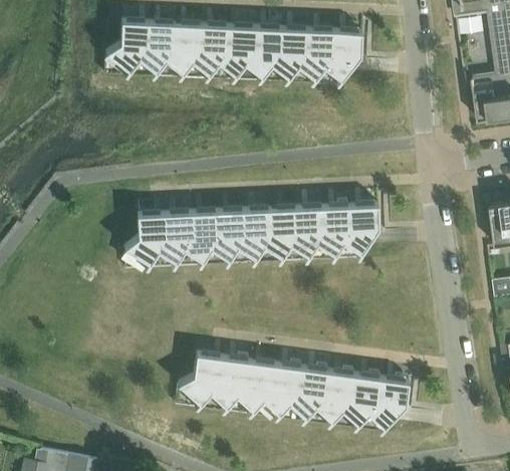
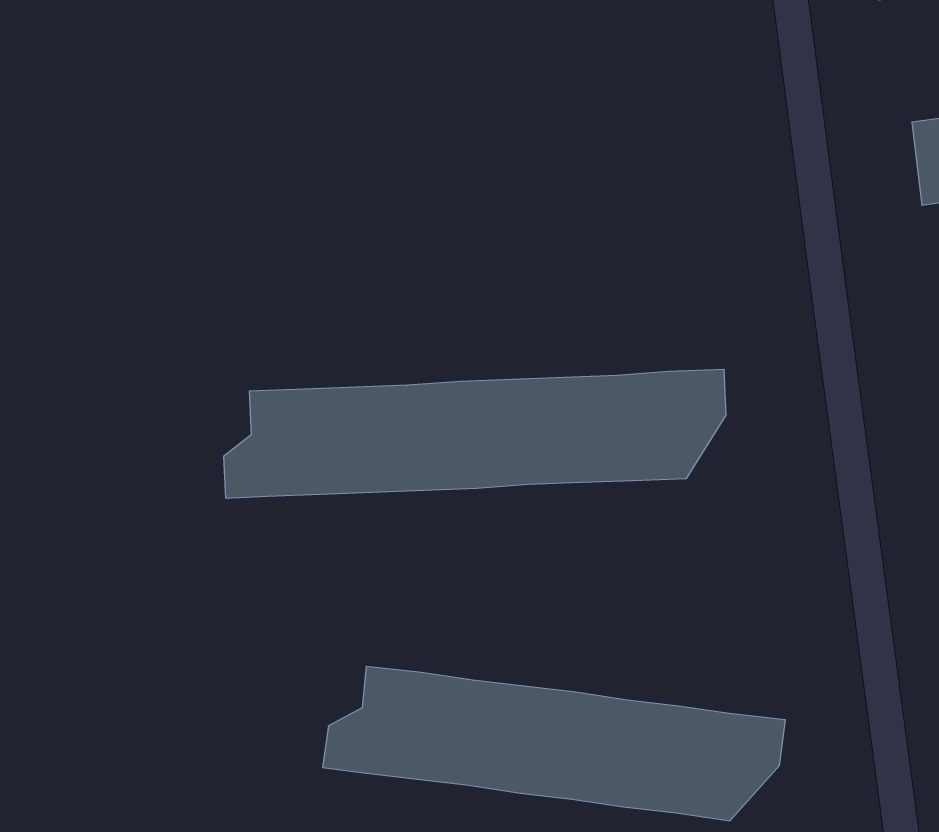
building: [105,18,363,82] -> none

